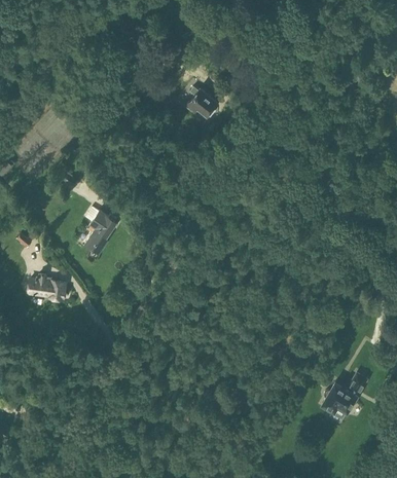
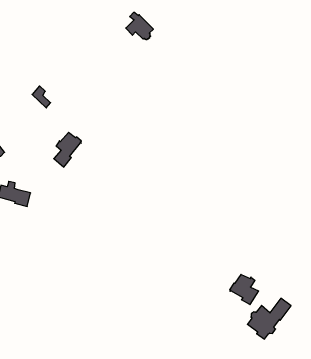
building: [186,86,217,115] -> [126,12,153,39]
building: none -> [230,274,259,305]

